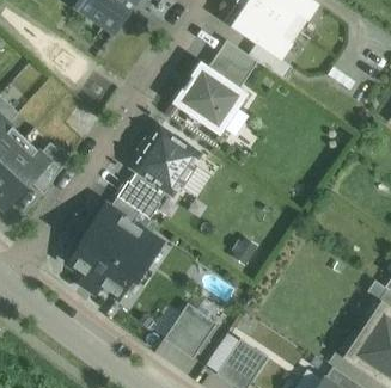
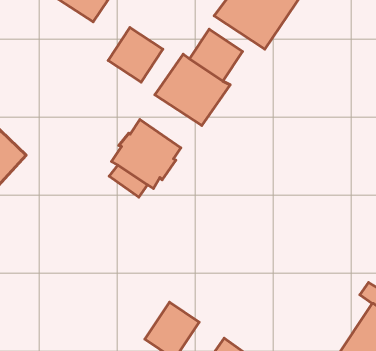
building: none -> [108,28,163,82]
building: [117,180,160,218] -> none
building: [69,205,160,296] -> none

